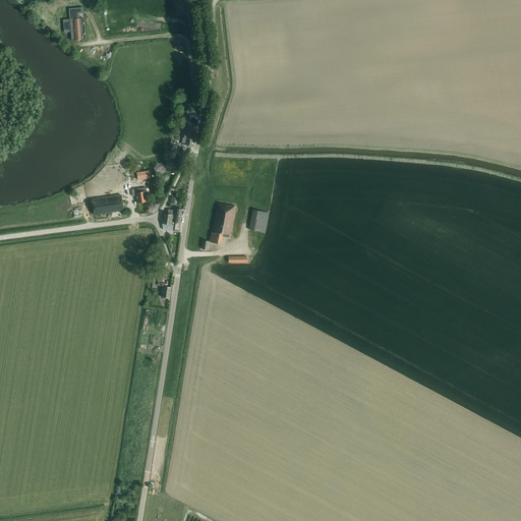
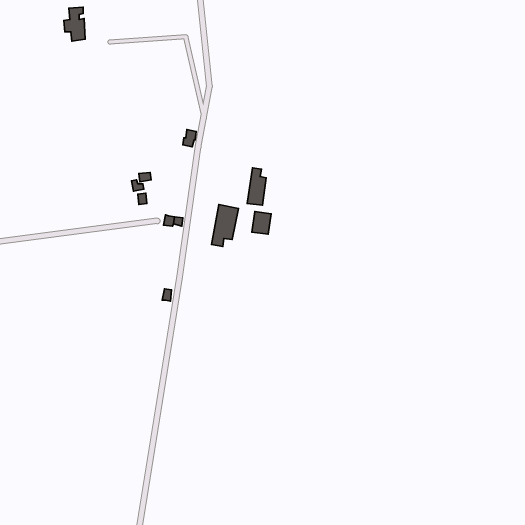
building: none -> [247,168,266,205]
building: [92,194,123,215] -> none

